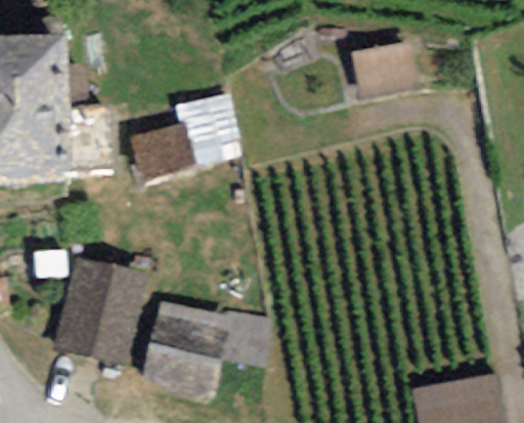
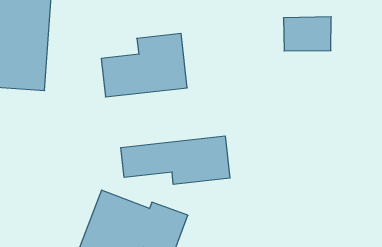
building: none -> [121,136,230,184]
building: [51,257,146,365] -> none

